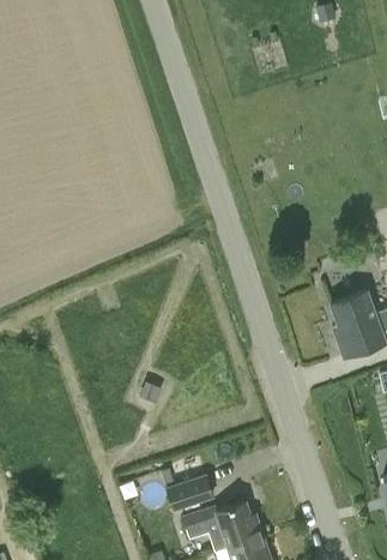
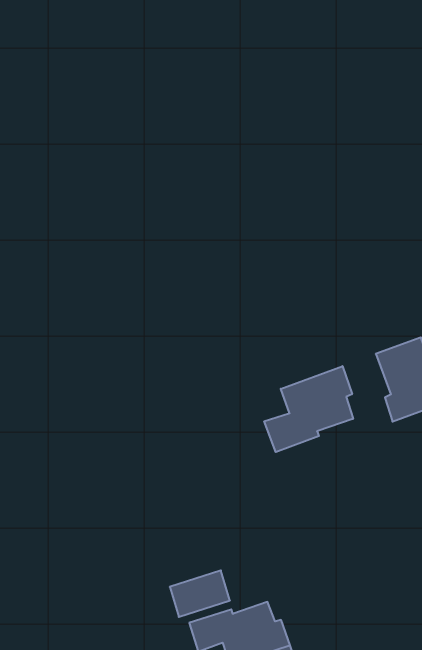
building: none -> [264,366,353,452]

